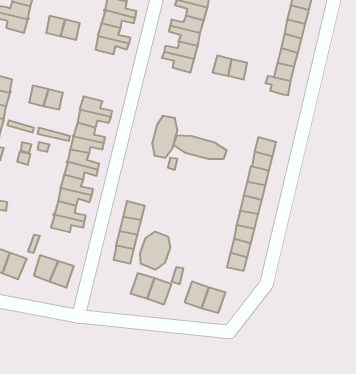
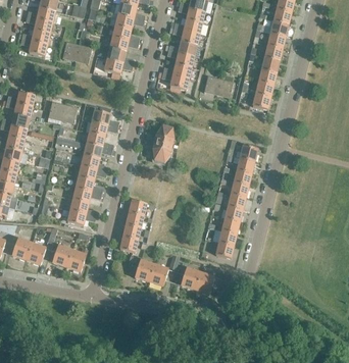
building: [173,135,227,159] -> none
building: [140,232,170,270] -> none

